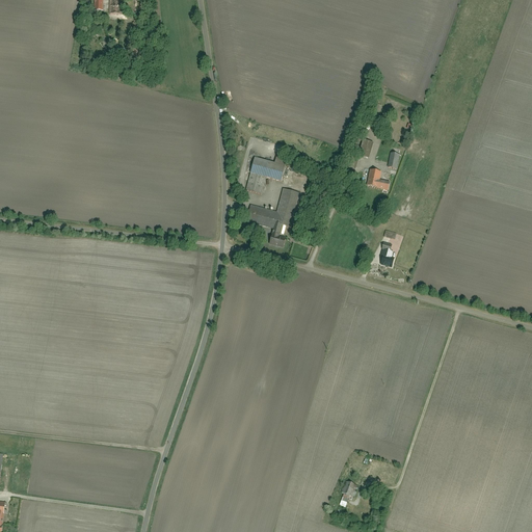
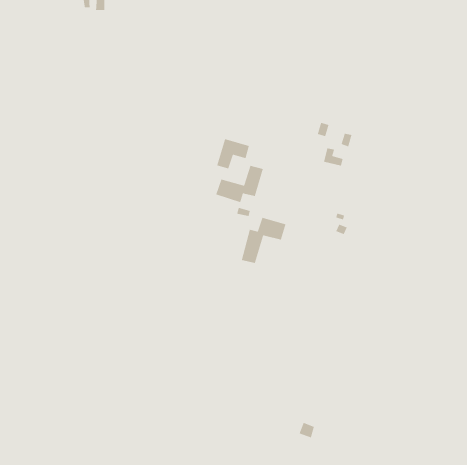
building: none -> [241,217,287,264]

